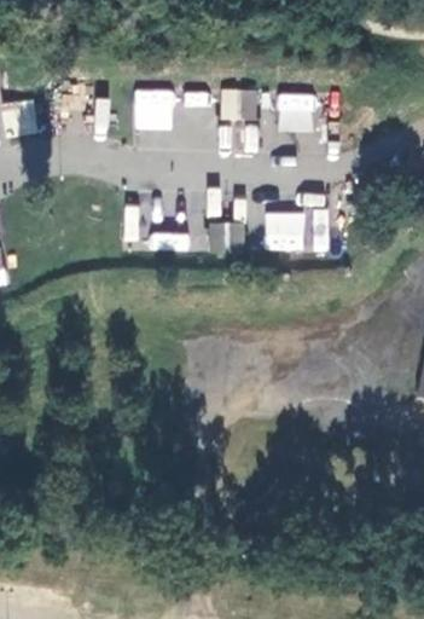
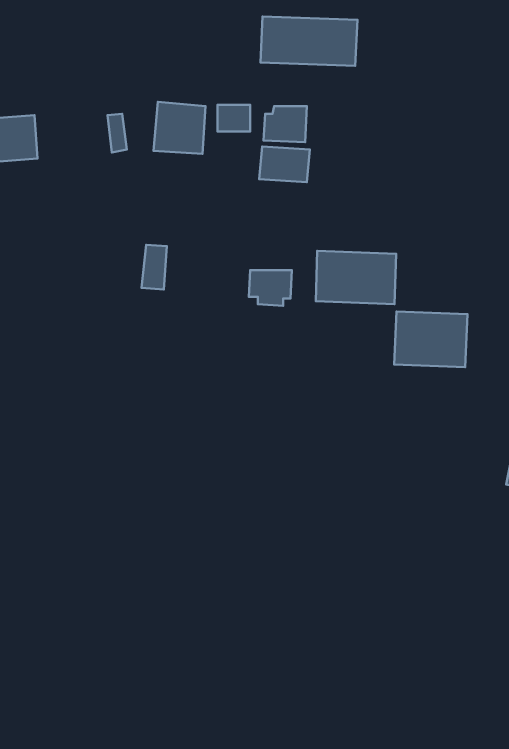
building: none -> [260,17,357,66]
building: [278,92,314,131] -> none
building: none -> [394,312,468,367]

